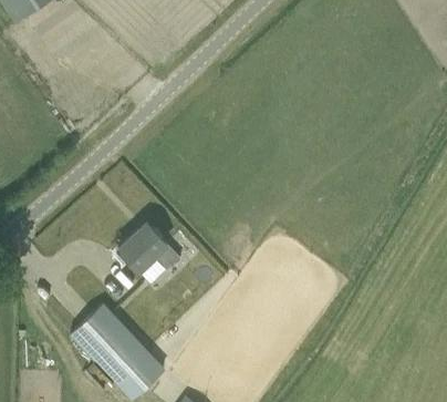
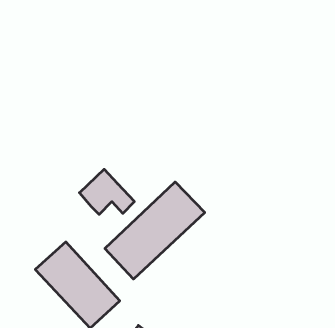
building: none -> [105,182,205,279]

